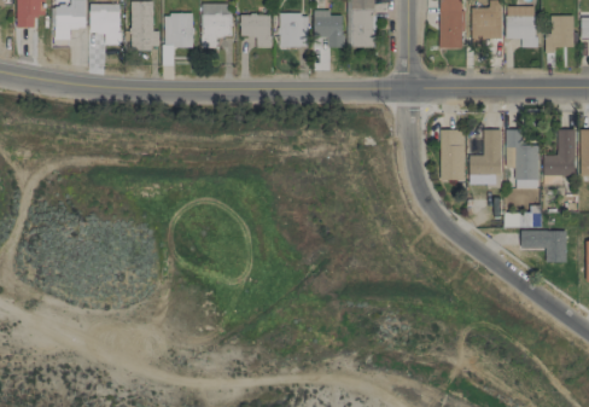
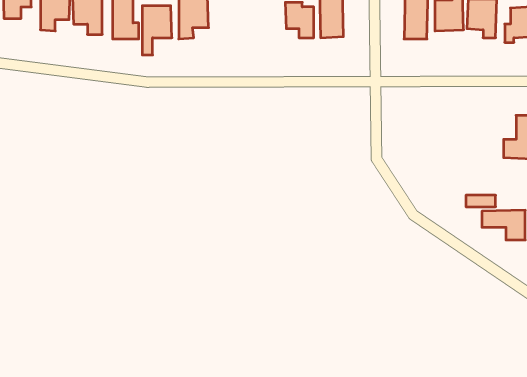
building: [280,13,309,47] -> none
building: [241,14,272,47] -> none
building: [441,129,465,180] -> none
building: [470,129,502,186] -> none
building: [507,129,538,187] -> none

